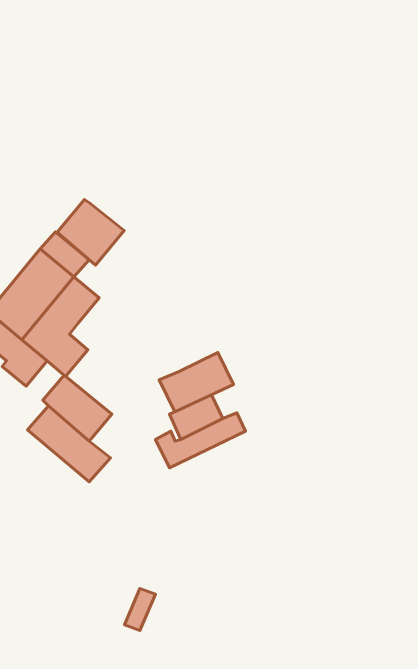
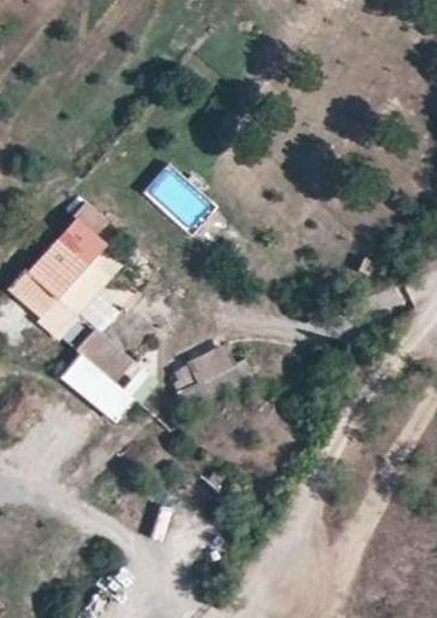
building: [57,200,124,265] -> none
building: [159,352,234,412] -> none

